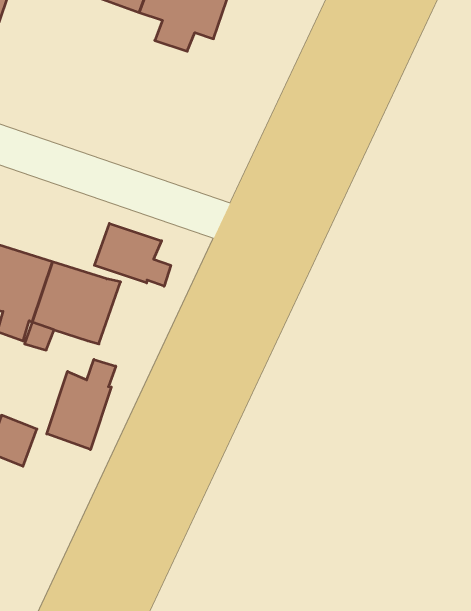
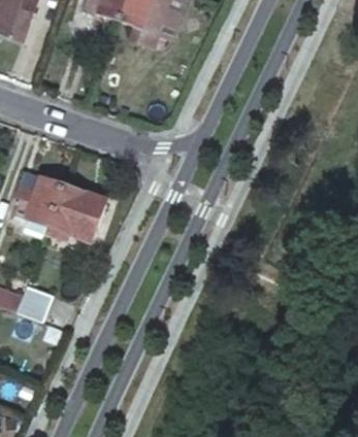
building: [94,223,171,286] -> none
building: [47,359,116,450] -> none

